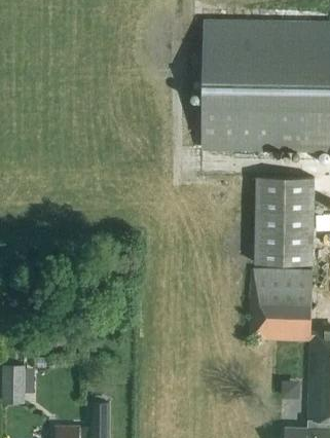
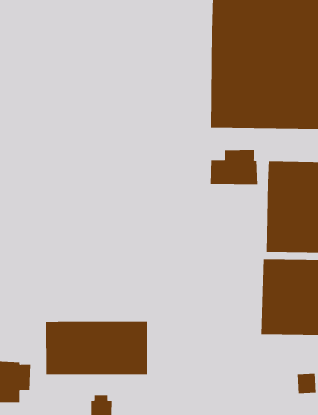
building: none -> [210,149,258,185]
building: none -> [46,321,148,375]

